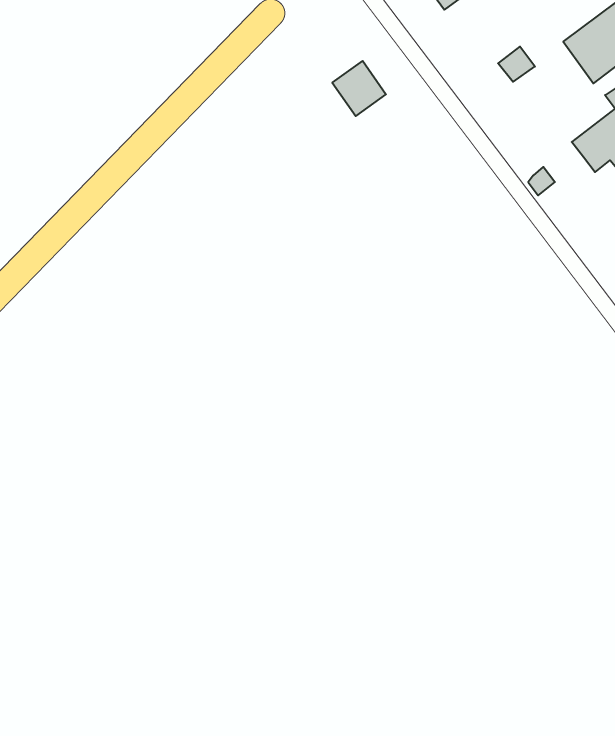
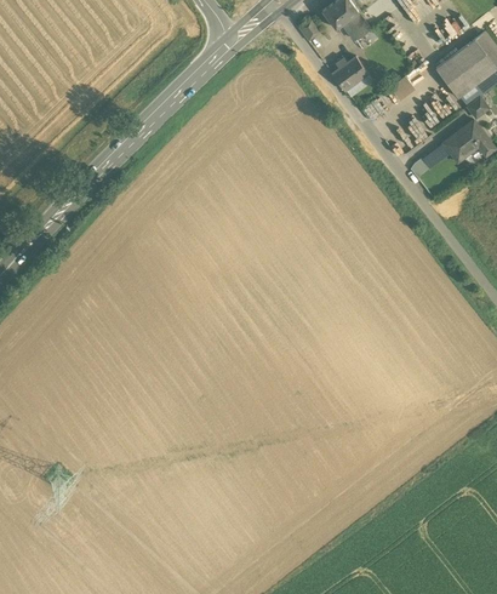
building: [332,61,386,116] -> [331,53,370,93]

